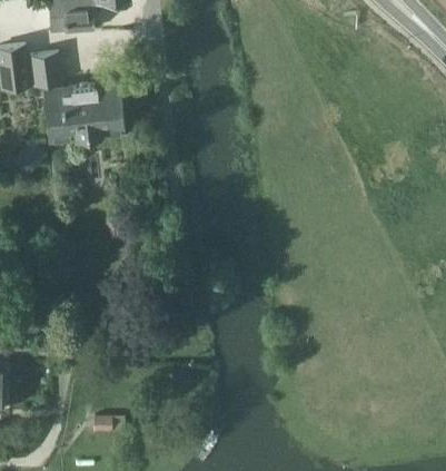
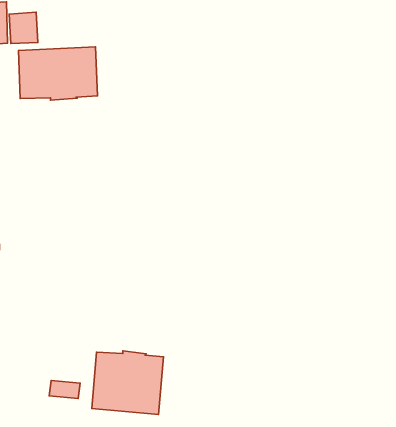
building: none -> [92,351,163,415]

